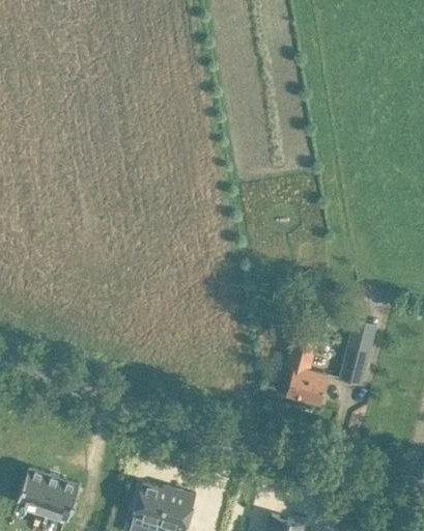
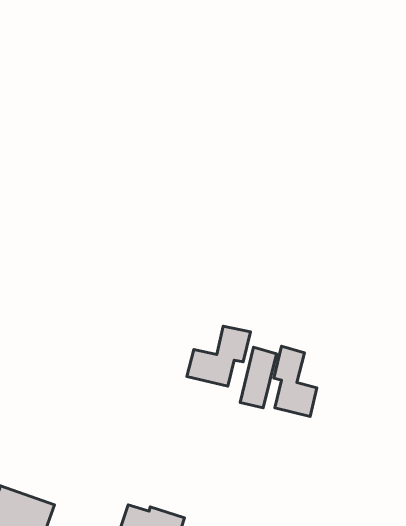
building: none -> [187,326,250,386]
building: [338,330,372,387] -> [240,347,277,408]

